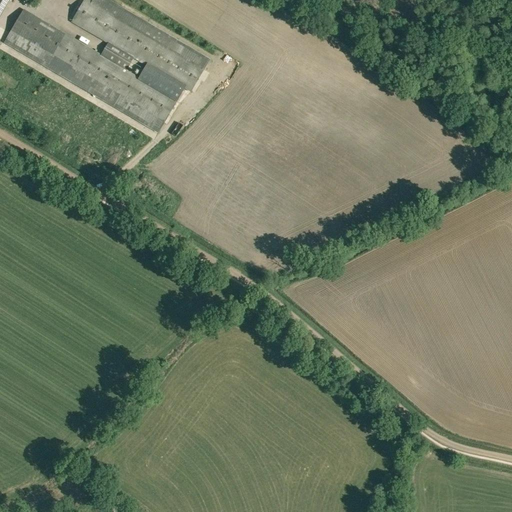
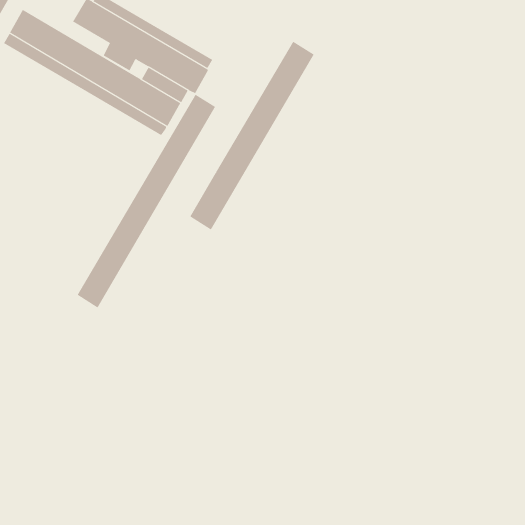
building: none -> [189,41,314,230]
building: none -> [77,94,216,308]

